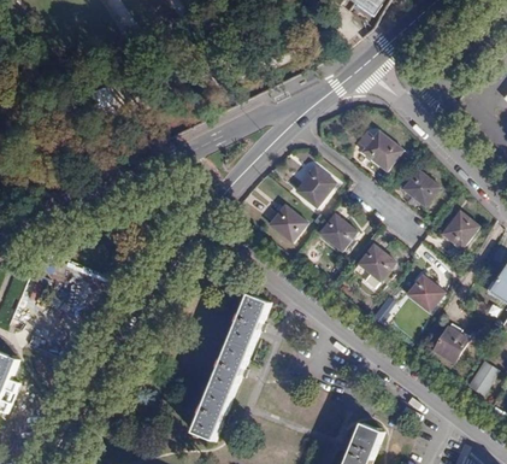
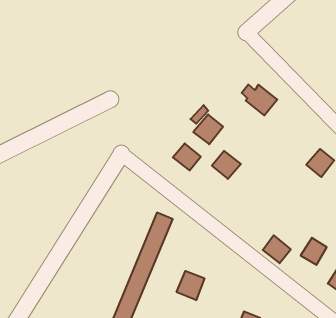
building: [401,170,437,205] -> none
building: [352,245,393,288] -> none
building: [403,274,440,310] -> [263,235,291,263]
building: none -> [177,271,204,300]

